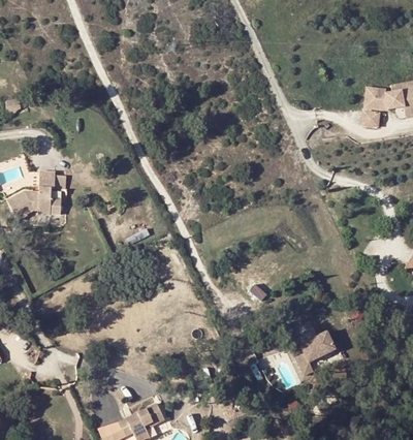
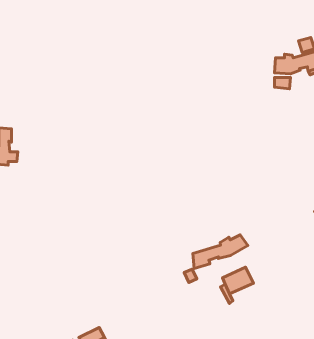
building: none -> [193,235,248,269]

